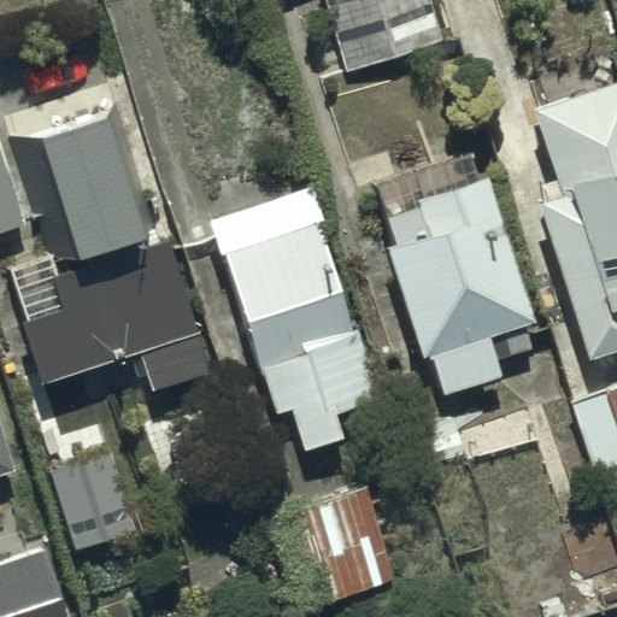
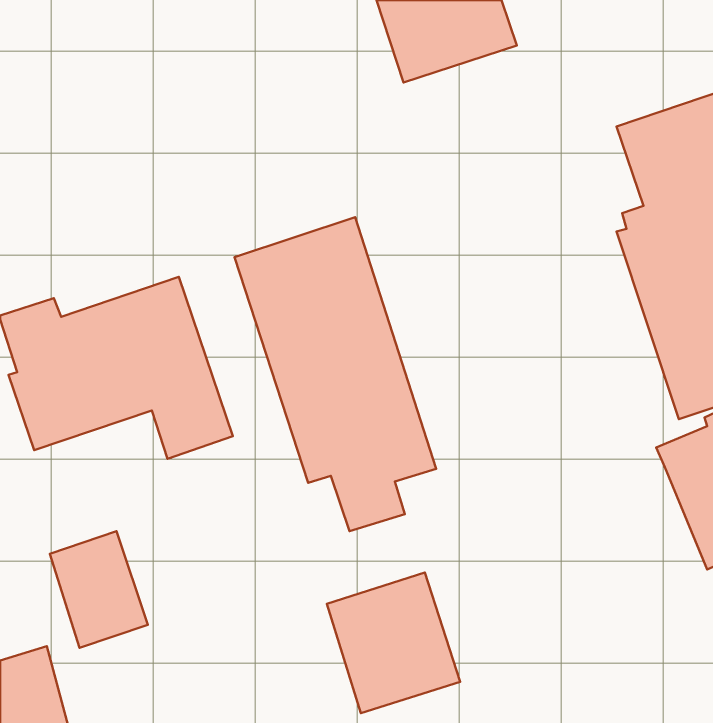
building: [25,104,160,254] -> none
building: [378,158,536,393] -> none

